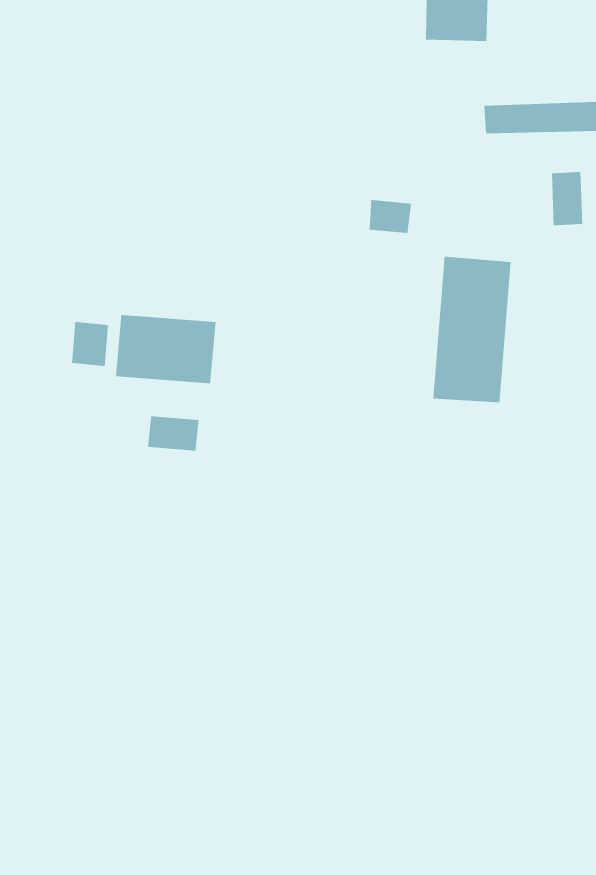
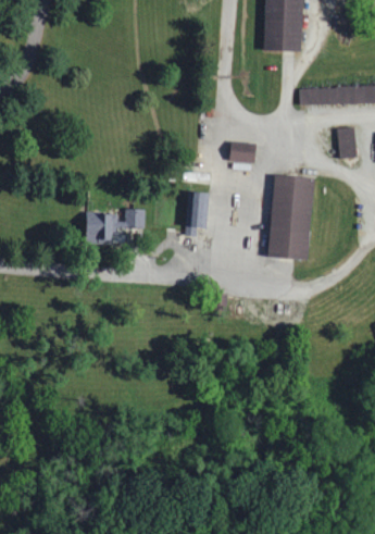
building: none -> [188,191,207,225]
building: [71,321,108,367] -> none
building: [148,416,199,451] -> none

